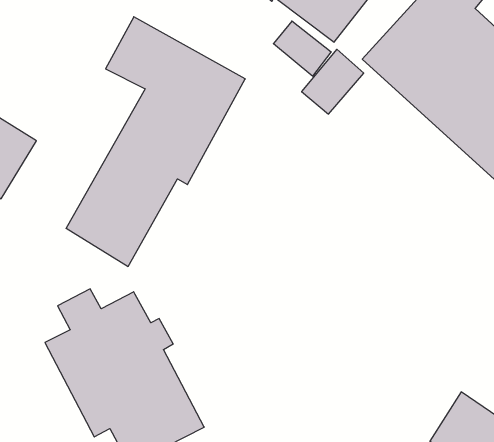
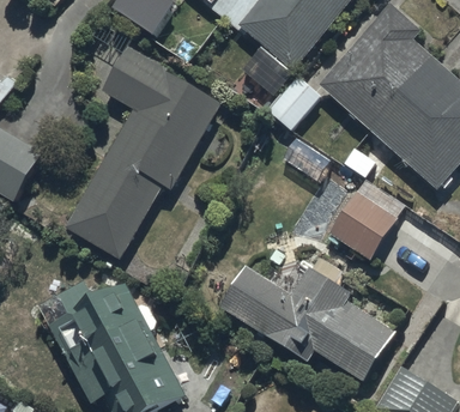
building: none -> [328,181,401,260]
building: none -> [219,258,394,381]

